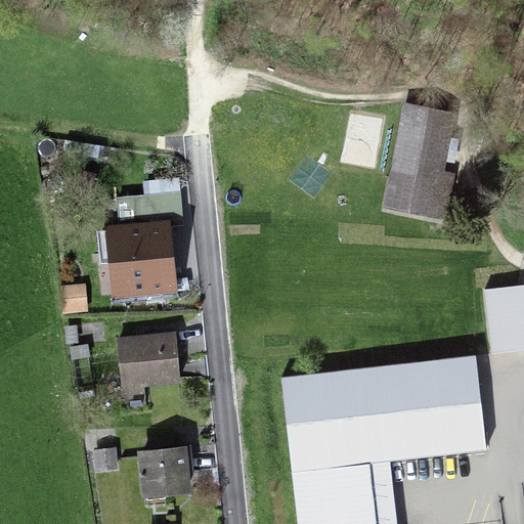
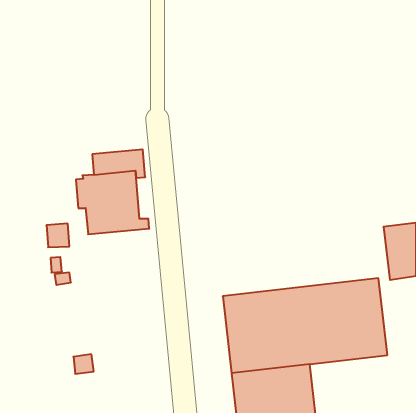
building: [382,108,458,228] -> none
building: [105,332,180,404] -> none
building: [136,445,192,497] -> none

